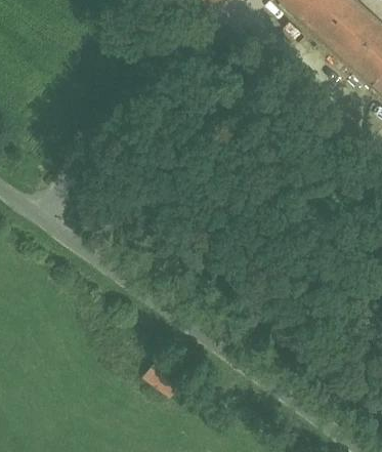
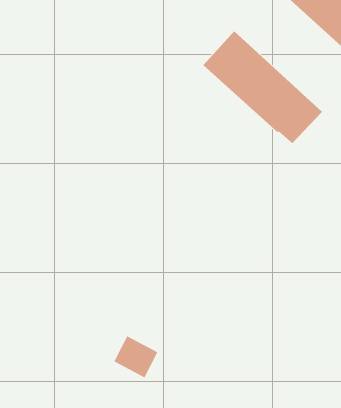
building: none -> [203,31,323,144]

